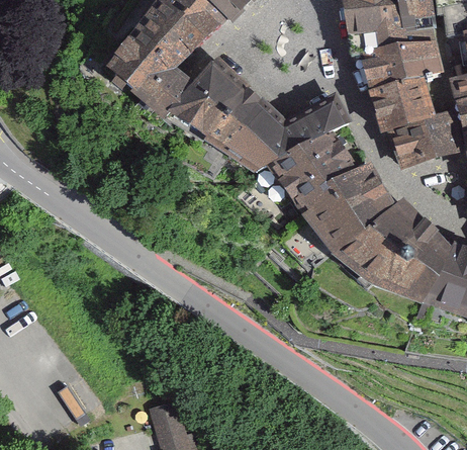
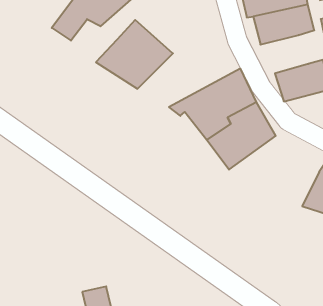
building: [135,60,193,114] -> none
building: [374,80,435,130] -> none
building: [219,98,349,171] -> none
building: [335,201,448,301] -> none

